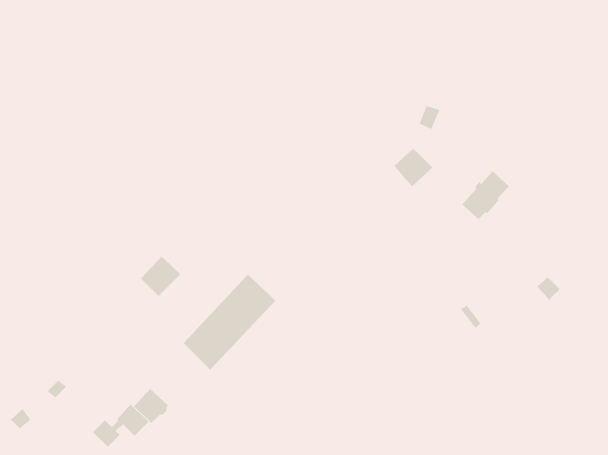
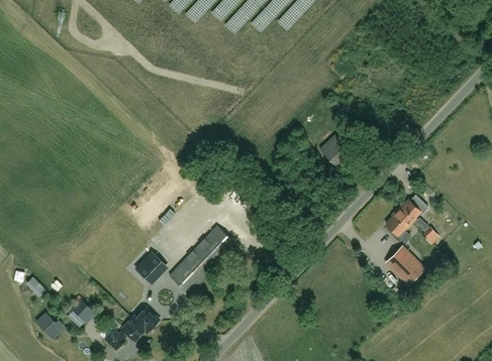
building: [461,170,510,220] -> [385,200,419,235]
building: [140,256,181,297] -> [135,252,165,281]
building: none -> [386,247,422,283]

